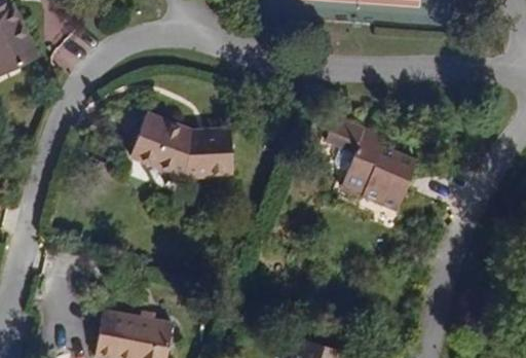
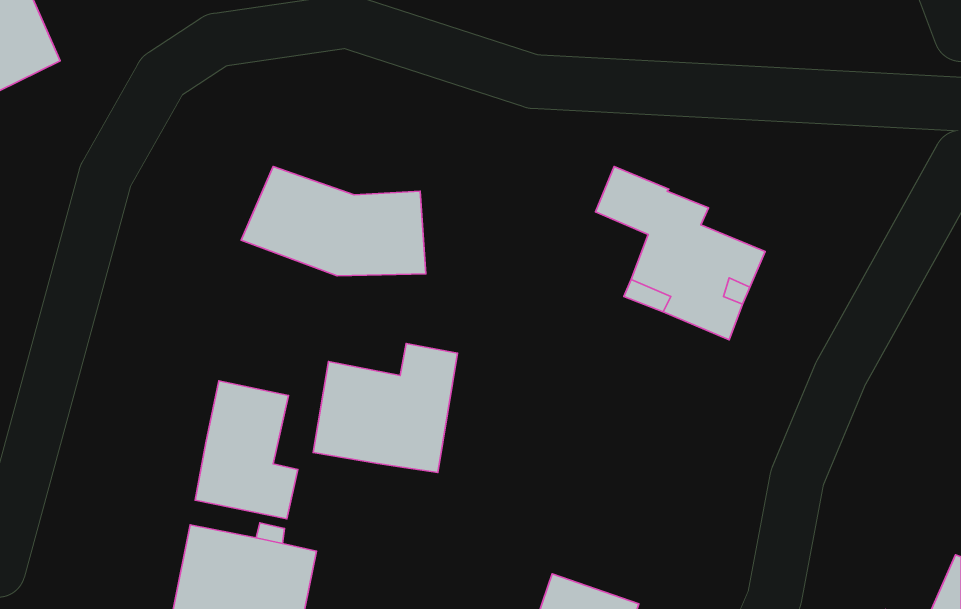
building: none -> [313,343,458,472]
building: none -> [195,381,298,519]

